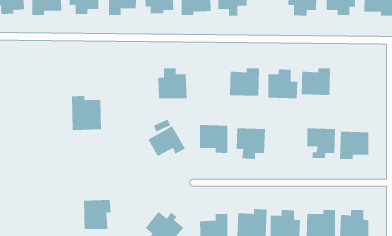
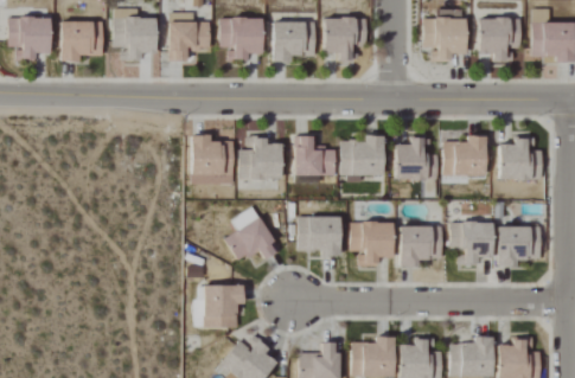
building: none -> [294,135,337,174]
building: none -> [498,137,541,180]
building: [71,95,102,130] -> [190,134,234,184]
building: none -> [398,225,442,267]
building: [83,200,111,230] -> [203,284,243,327]

